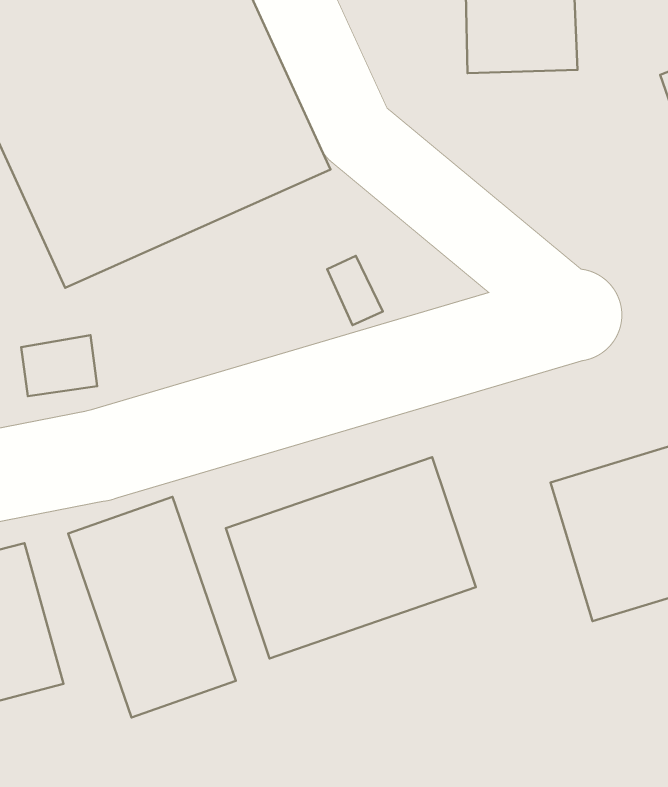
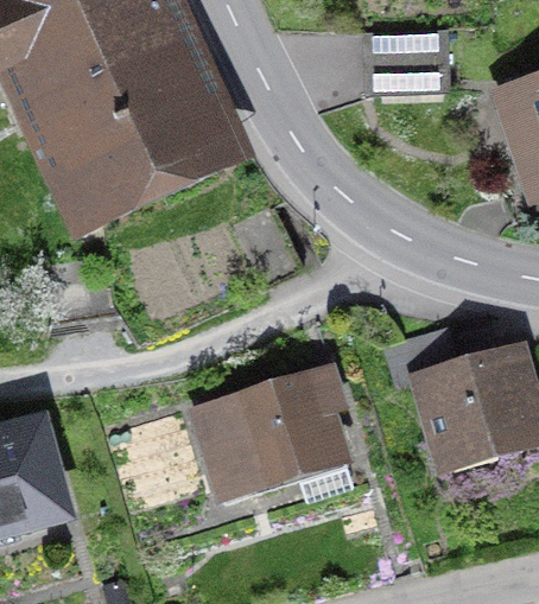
building: [68,497,236,717] -> none

